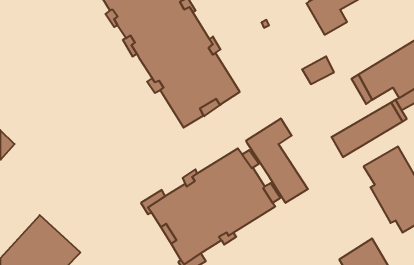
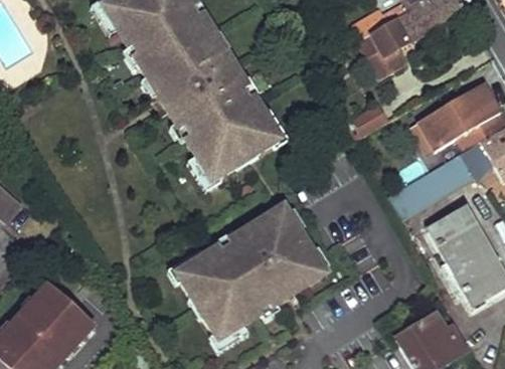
building: [246,118,308,203] -> none

